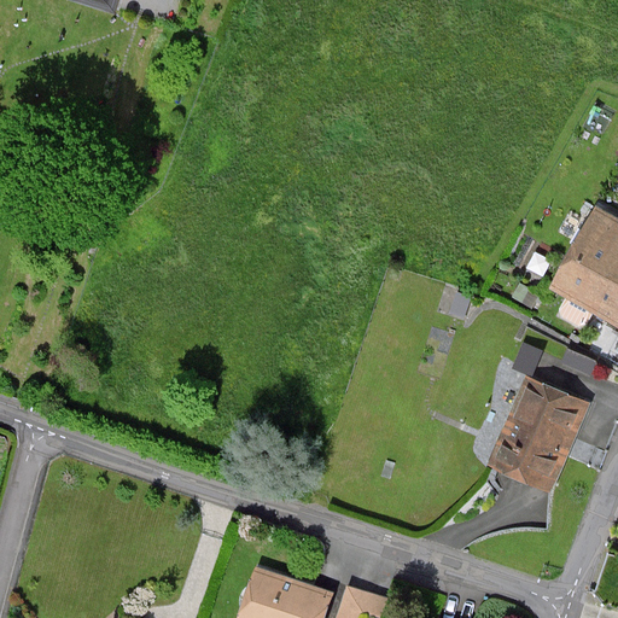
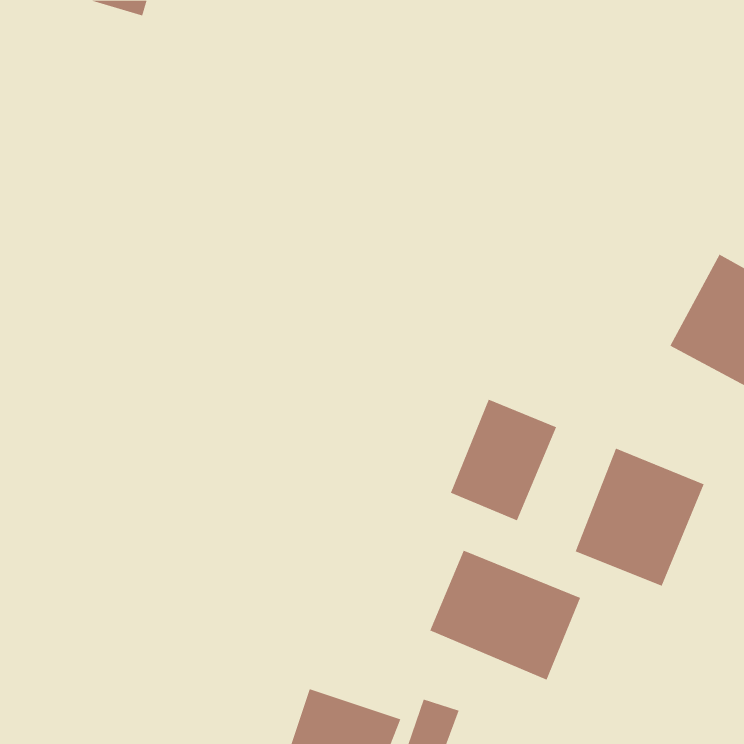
building: none -> [450,399,557,521]
building: none -> [430,550,581,680]

